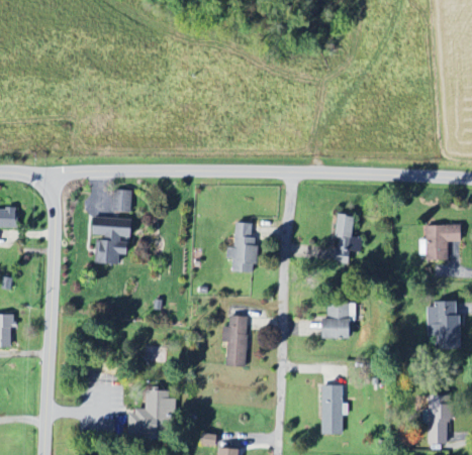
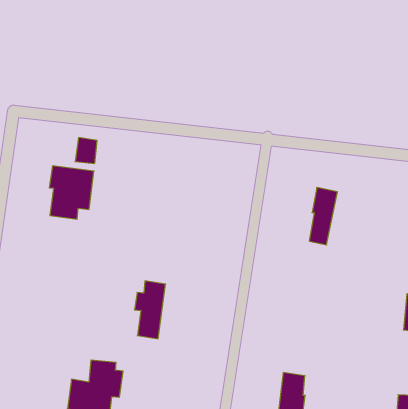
building: [226,221,256,272] -> none
building: [323,304,354,338] -> none
building: [221,315,248,366] -> [134,281,166,339]

